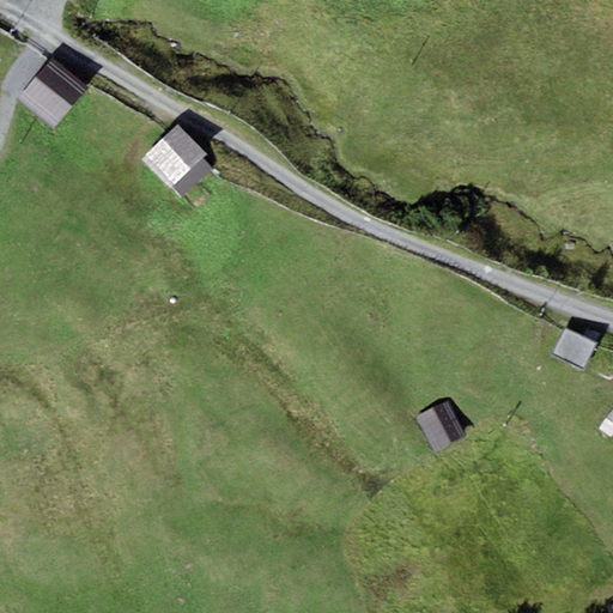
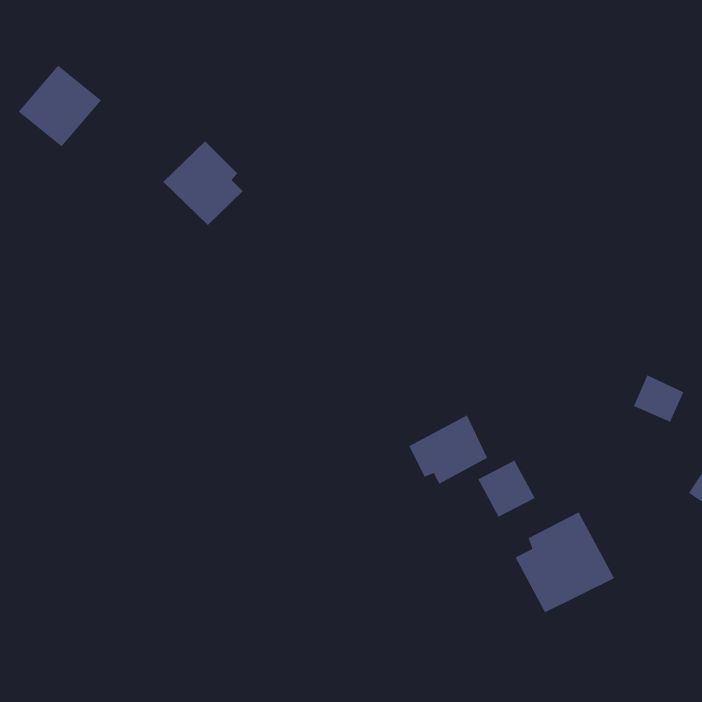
building: none -> [409,415,488,484]
building: none -> [515,512,615,613]

